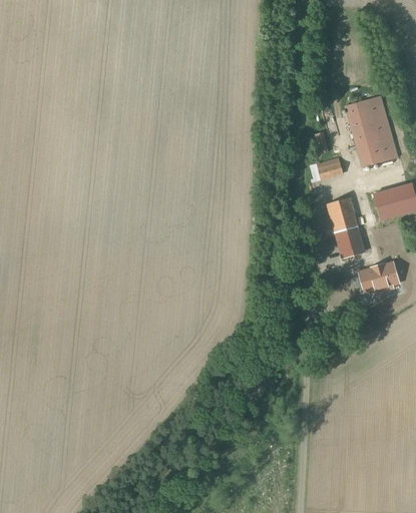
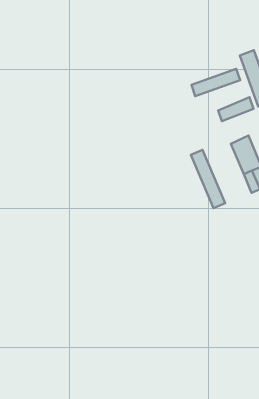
building: none -> [191,69,240,96]
building: none -> [191,150,225,208]

